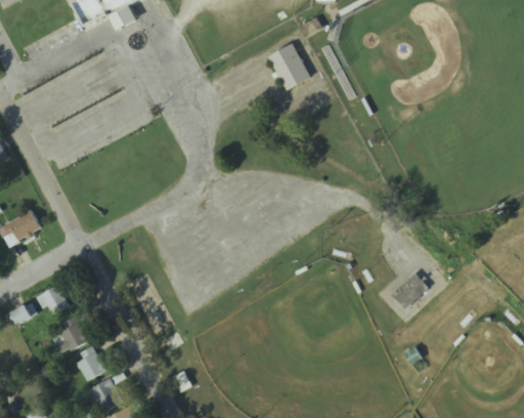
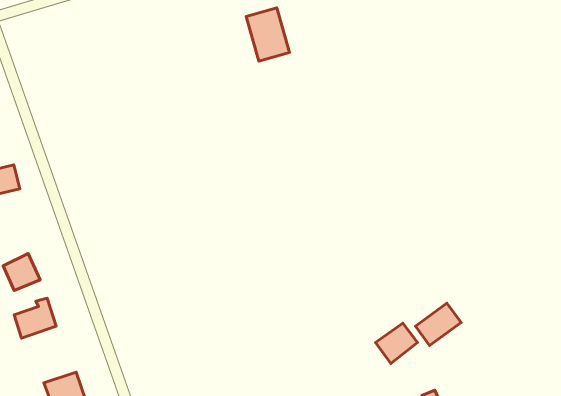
building: [269,43,310,90] -> [246,8,289,61]
building: none -> [375,323,418,363]
building: [73,345,106,381] -> none

